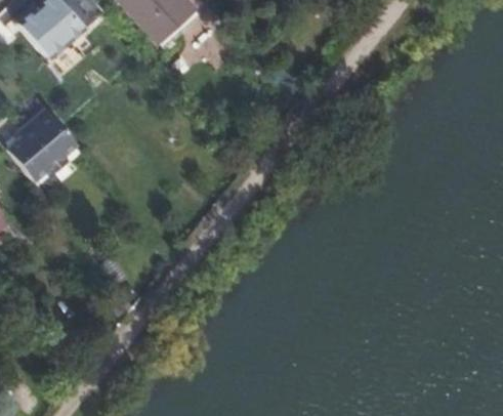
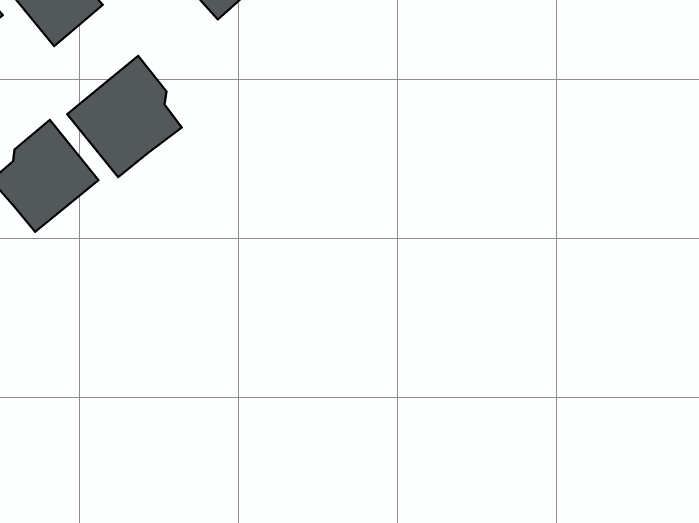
building: none -> [67,56,182,177]

